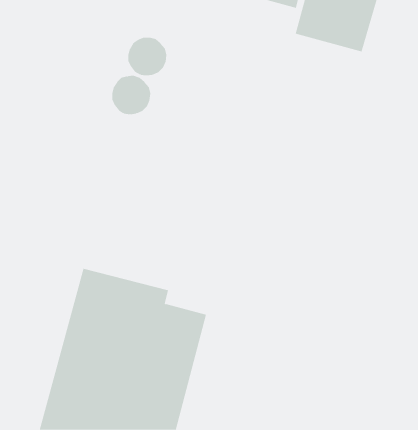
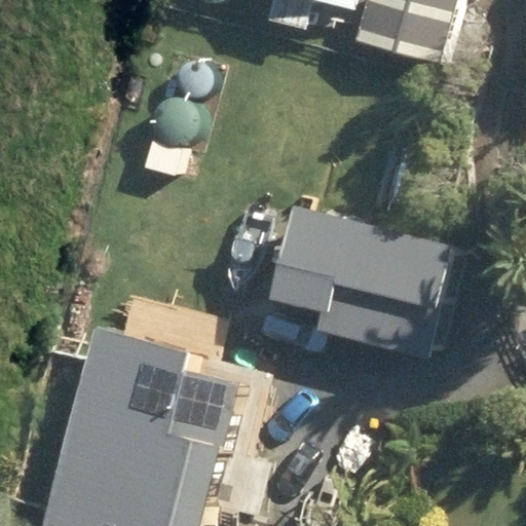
building: none -> [279,211,461,363]

